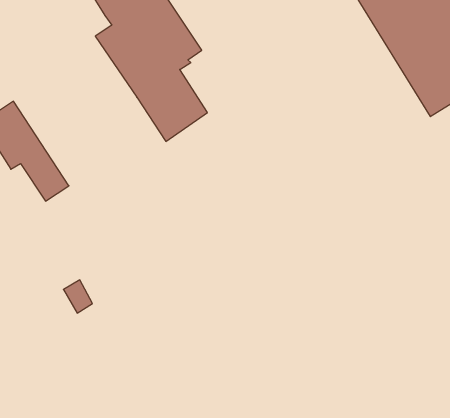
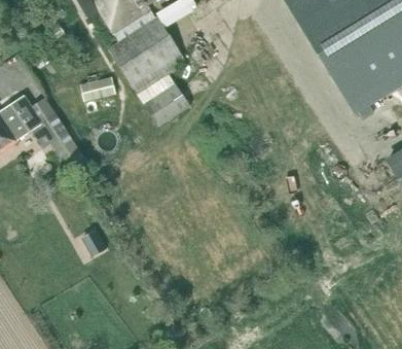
building: none -> [79,74,115,101]

